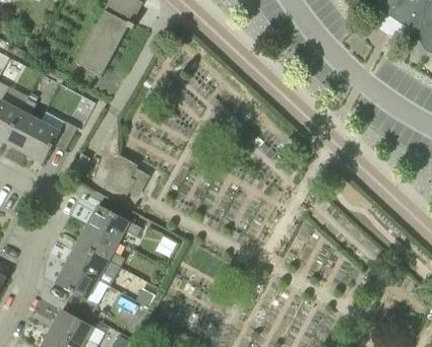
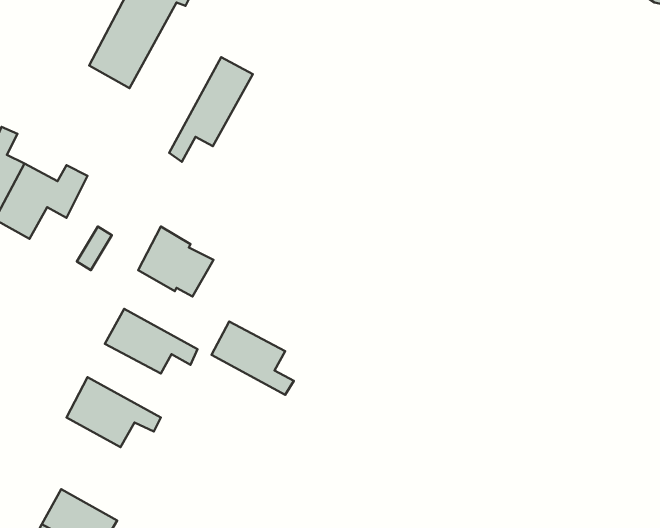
building: none -> [169,57,253,162]
building: [76,223,124,266] -> [212,321,294,395]
building: [55,266,97,315] -> none

